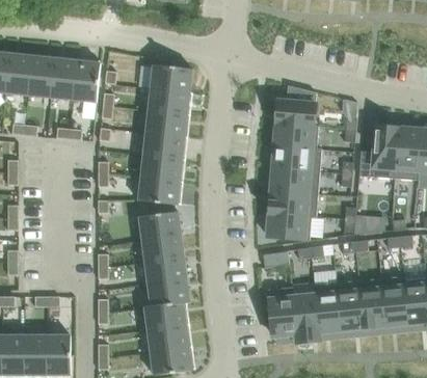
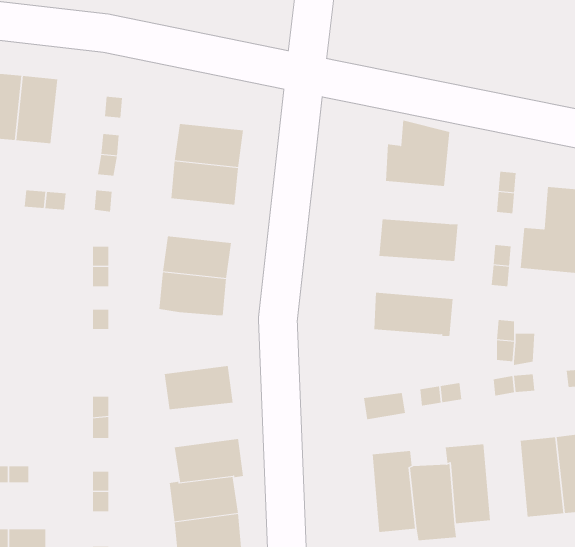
building: [73,60,100,103] -> none
building: [151,64,192,91] -> none
building: [274,123,318,148] -> none
building: [143,133,185,160] -> none
building: [270,168,319,194] -> none
building: [139,202,181,240] -> none
building: [267,213,311,240] -> none
building: [144,258,187,285] -> none
building: [337,280,363,329] -> none

